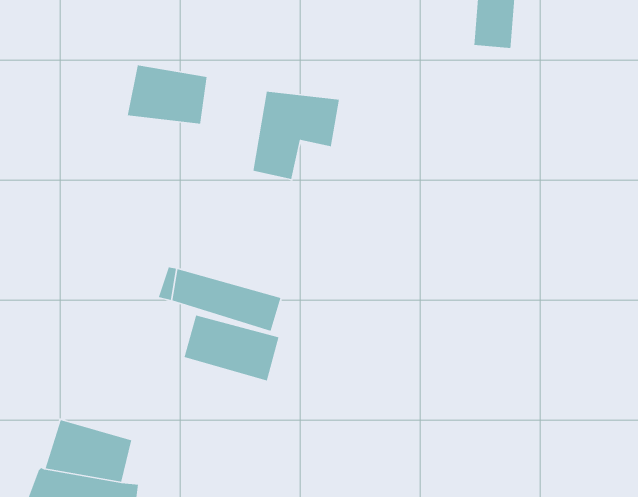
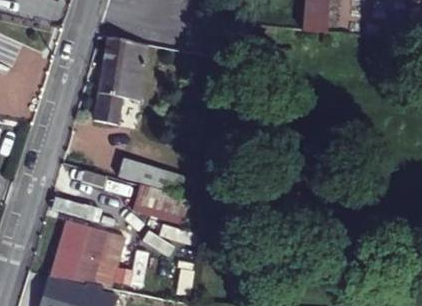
building: [252,91,340,180] -> [94,70,145,122]
building: none -> [62,221,112,259]

